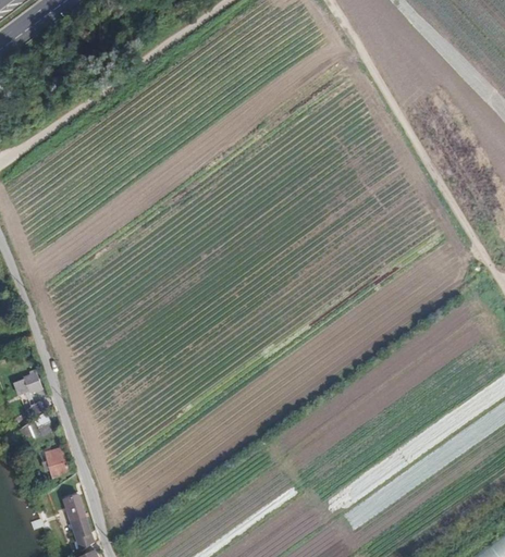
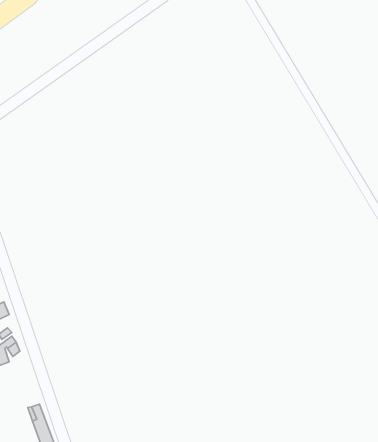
building: [42,447,71,479] -> none

